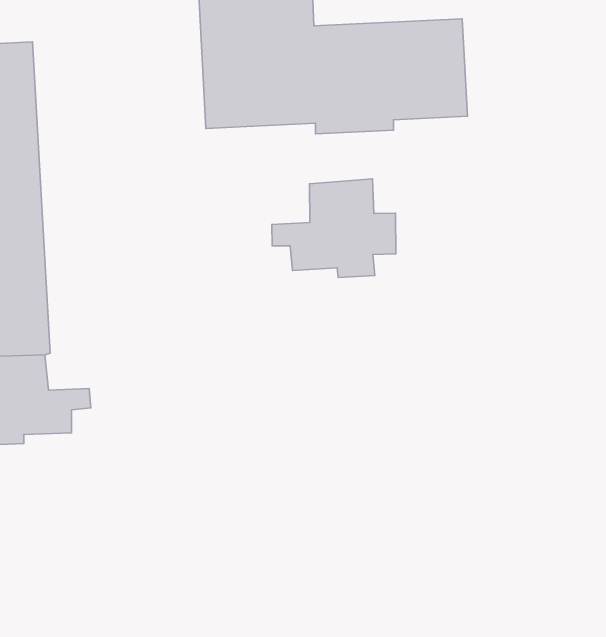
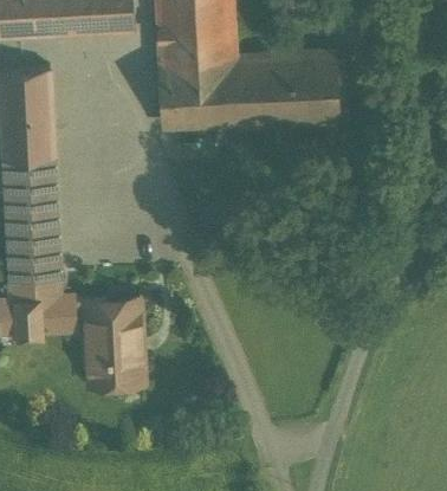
building: [272,179,396,277] -> none
building: none -> [83,298,142,392]

